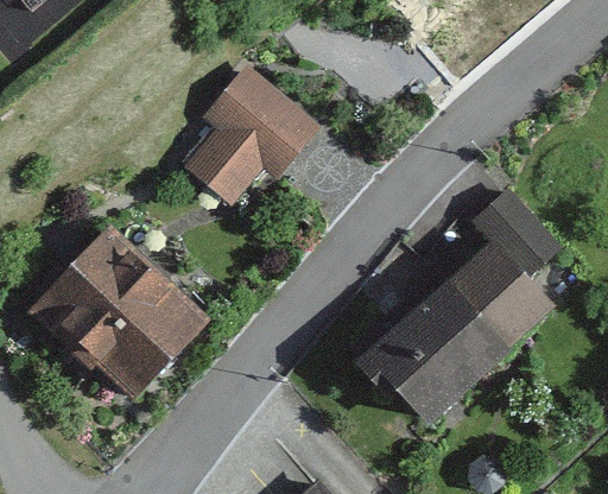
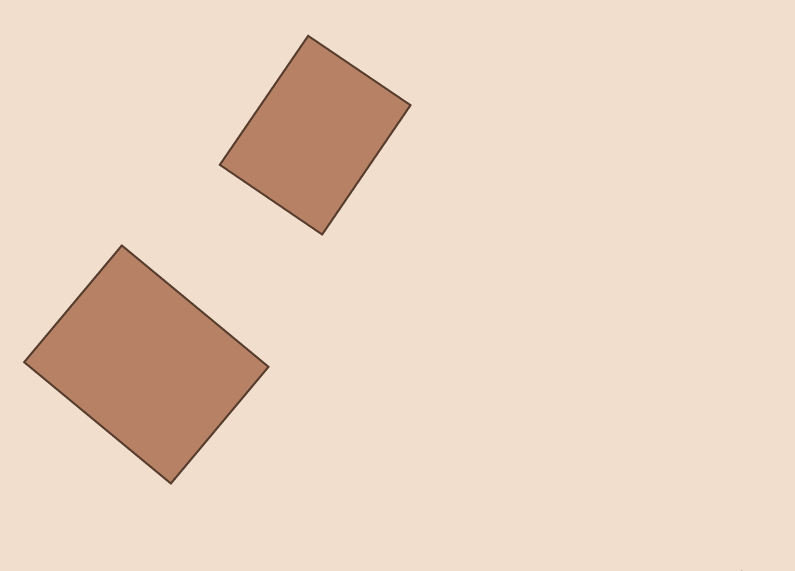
building: [366,228,565,425] -> none

